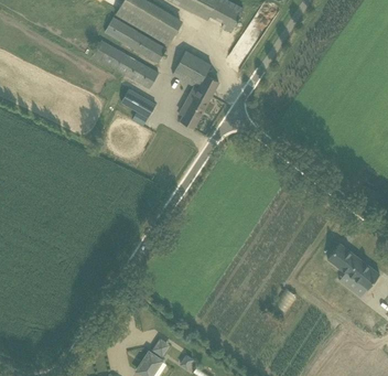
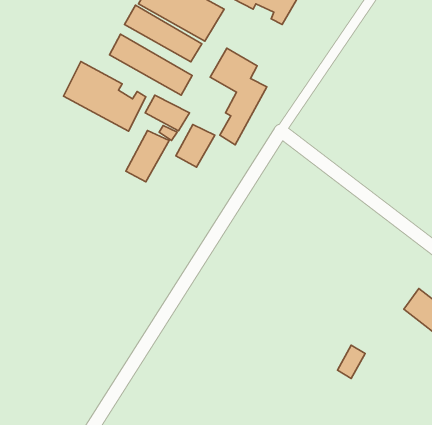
building: none -> [63,62,146,131]
building: none -> [176,124,215,167]
building: none -> [126,131,169,182]

